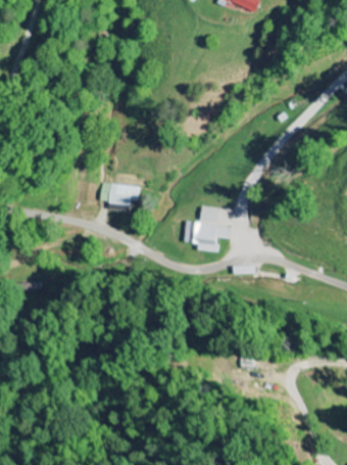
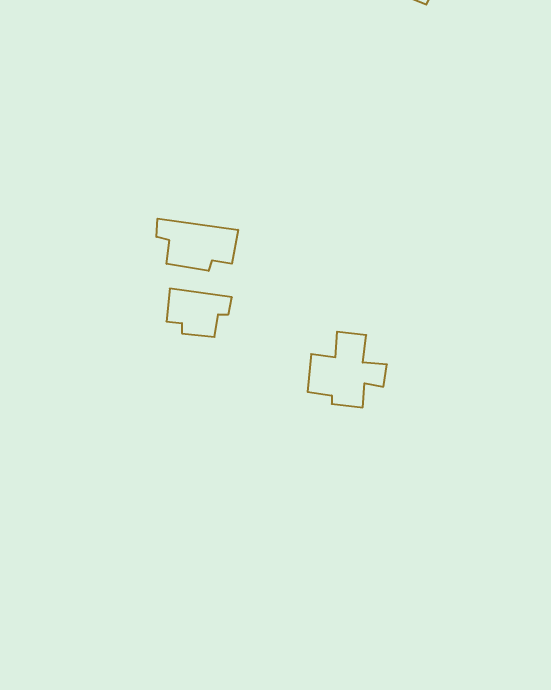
building: none -> [156,219,238,271]

